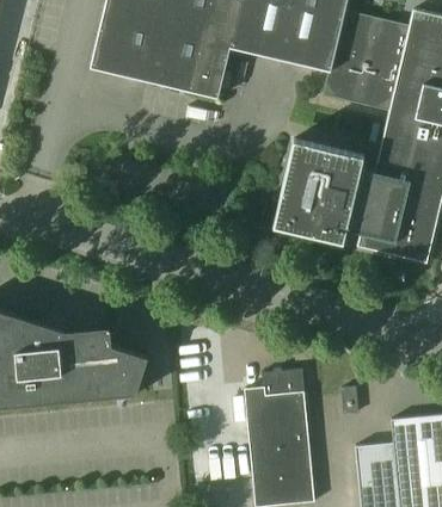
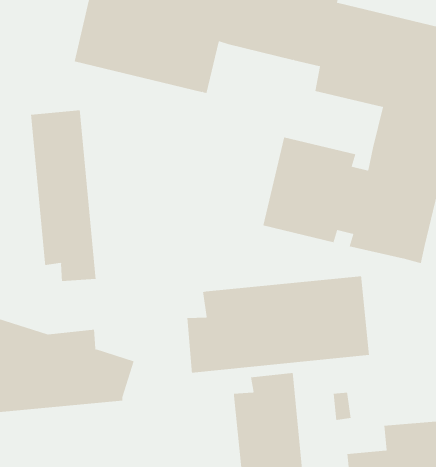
building: none -> [31,110,96,282]
building: none -> [187,276,370,374]

